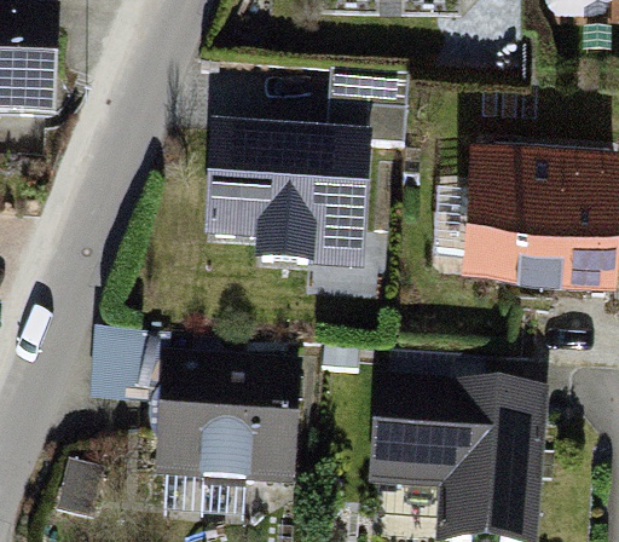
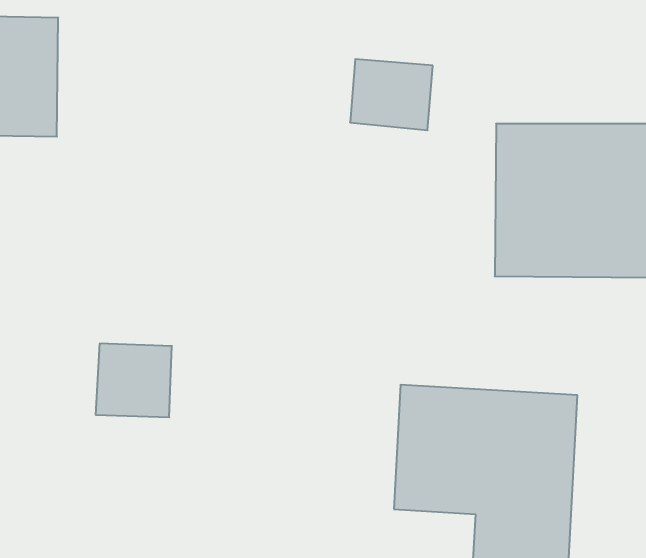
building: [199,133,368,282] -> none
building: [158,364,297,497] -> none

